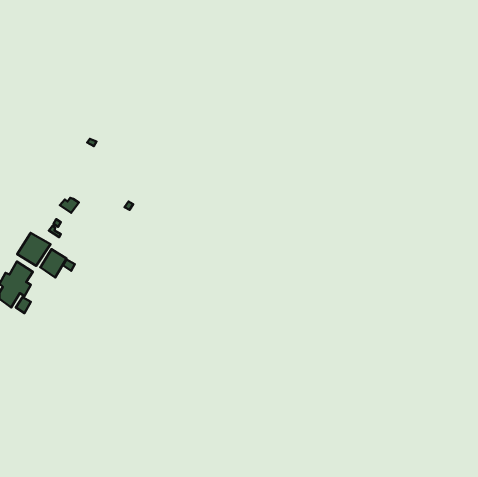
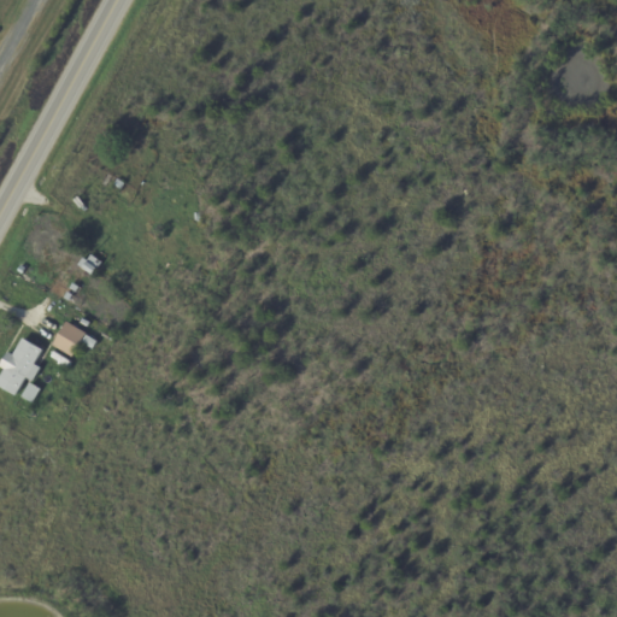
building: [17,233,50,266] -> none

